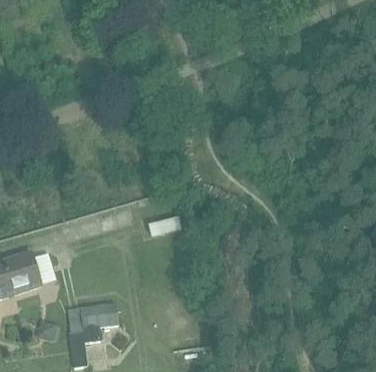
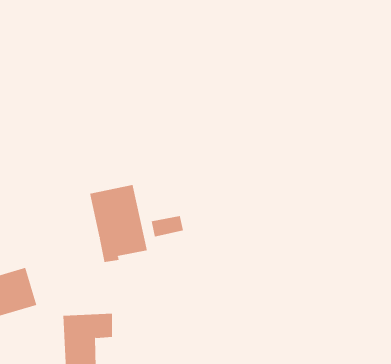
building: none -> [89,184,148,263]

